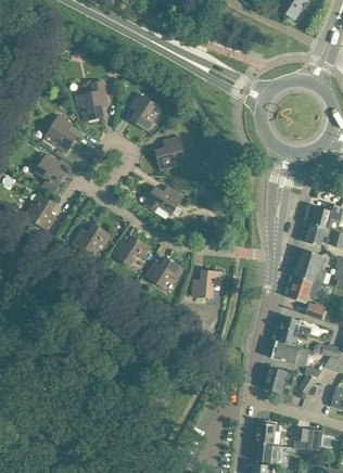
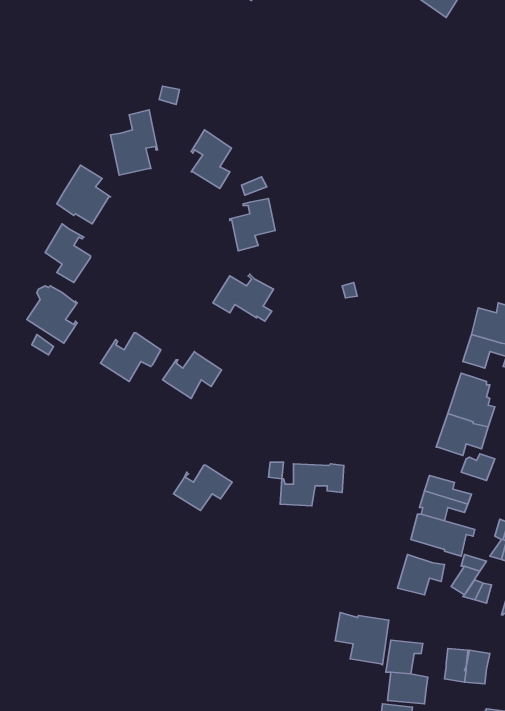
building: [145,257,183,286] -> [173,465,232,511]
building: [192,270,233,297] -> [280,464,344,506]
building: none -> [335,613,389,665]

